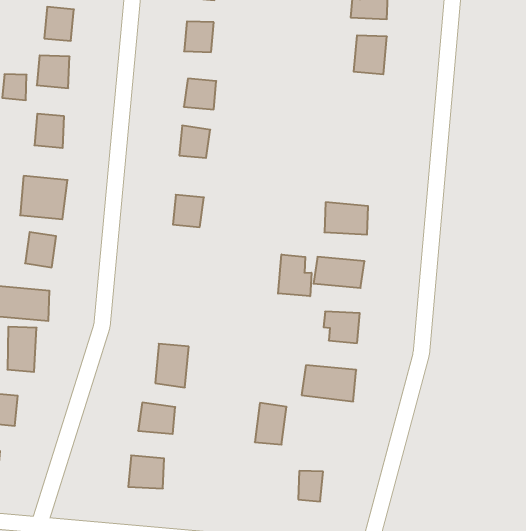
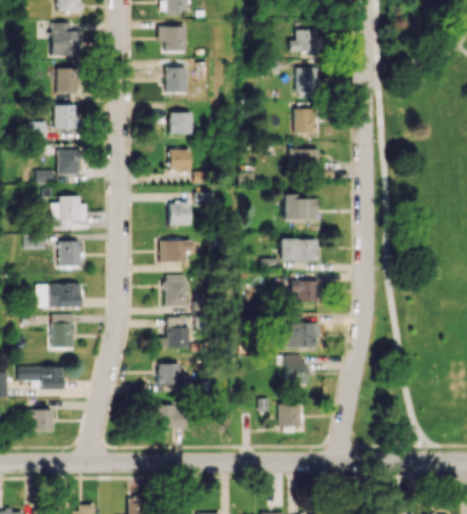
building: none -> [294,109,316,133]
building: none -> [290,149,319,169]
building: none -> [160,239,196,261]
building: [278,254,311,296] -> none
building: none -> [165,275,186,307]
building: [255,403,287,445] -> [287,354,309,385]

